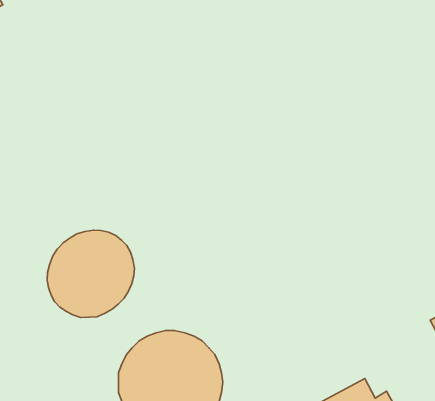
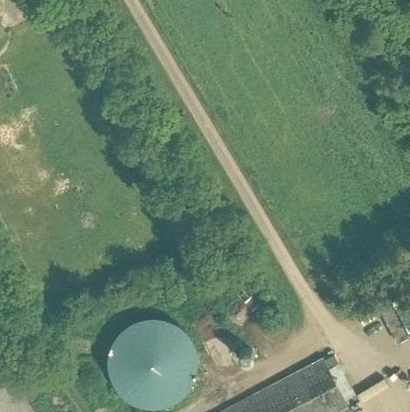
building: [47,230,134,317] -> none

